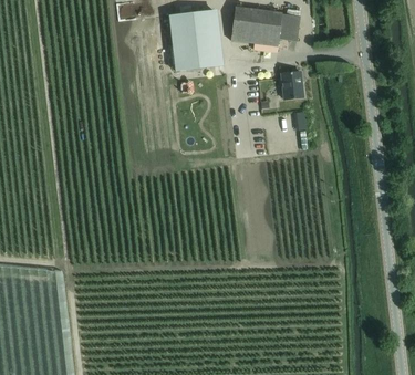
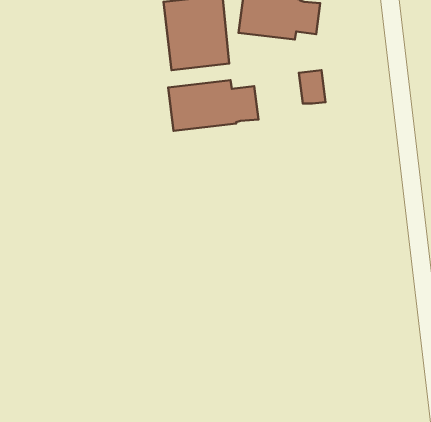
building: none -> [168,80,258,131]

